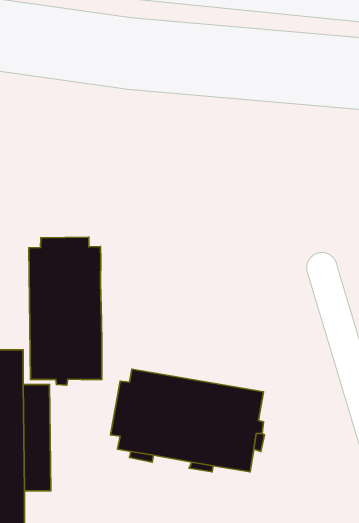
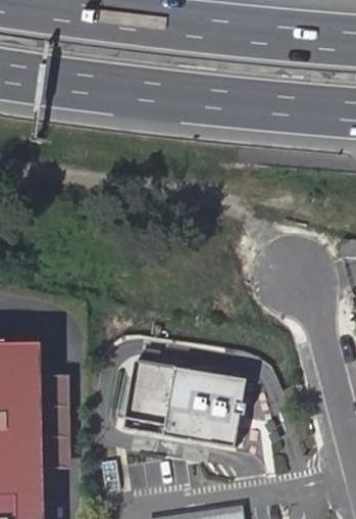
building: [29,237,102,385] -> none

